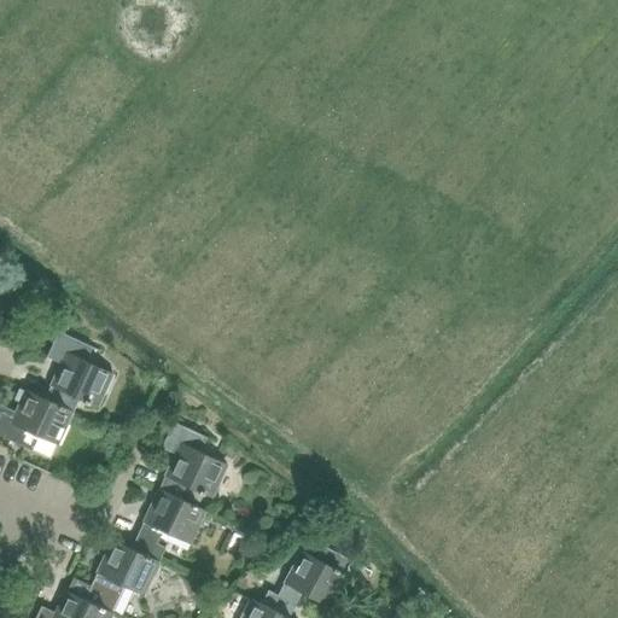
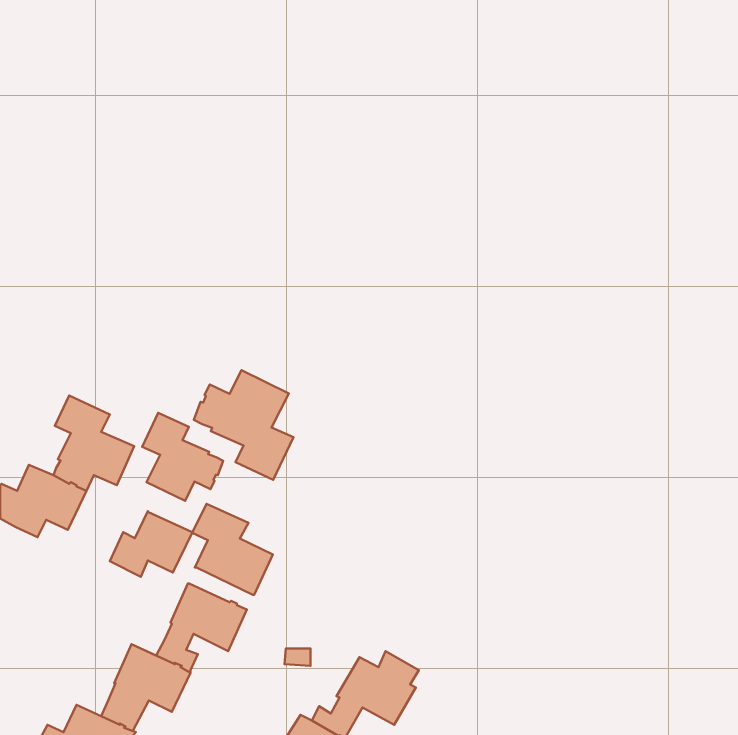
building: none -> [194,370,293,480]
building: none -> [142,413,223,501]
building: none -> [110,511,192,577]

